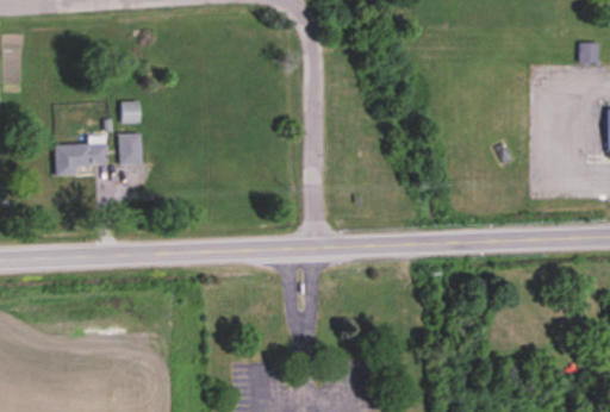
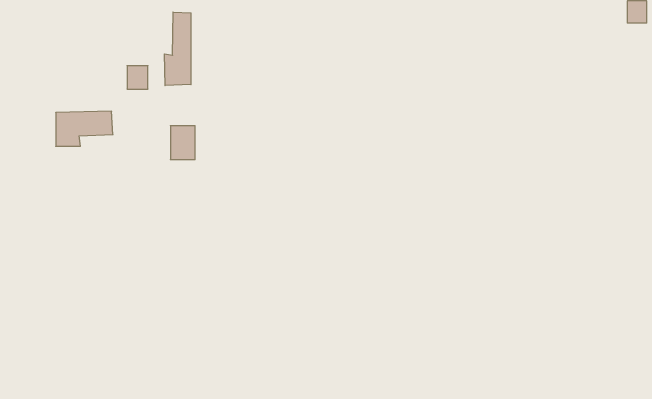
building: none -> [165,12,191,86]
building: [119,135,142,166] -> [170,126,195,160]

